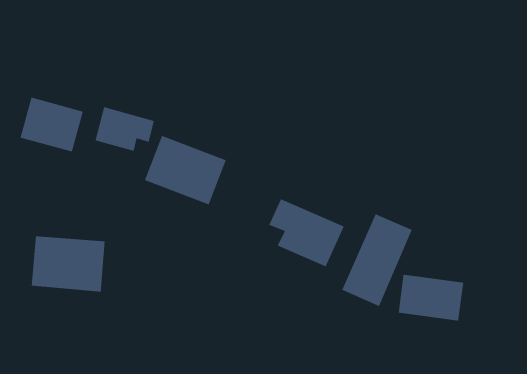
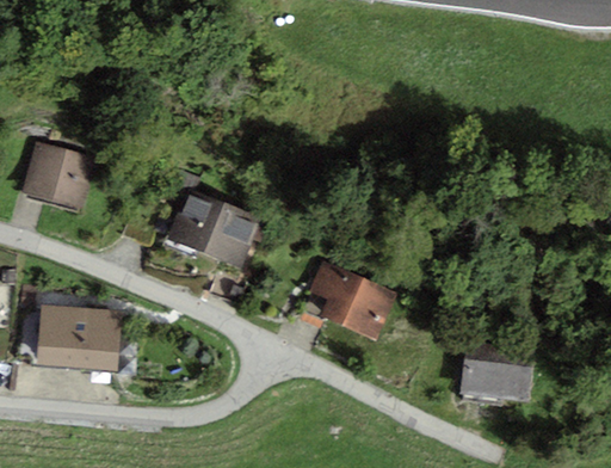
building: [94,106,155,152] -> none
building: [341,213,413,307] -> none

